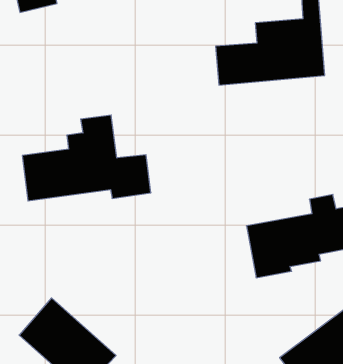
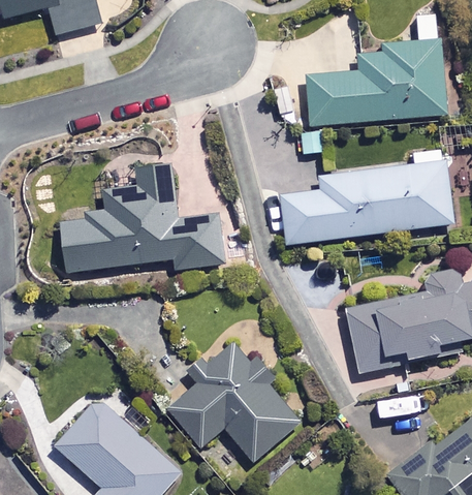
building: none -> [281,151,451,246]
building: none -> [166,341,298,461]

